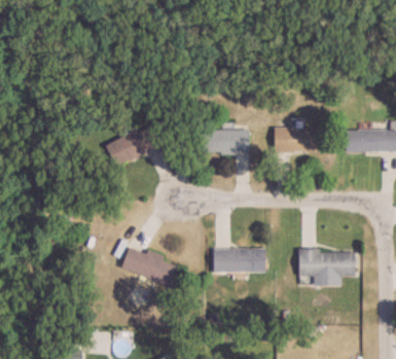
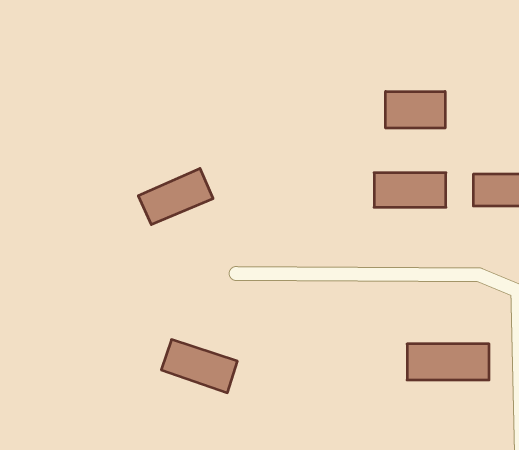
building: none -> [386,91,445,128]
building: [203,129,249,152] -> none
building: [213,248,266,273] -> none

